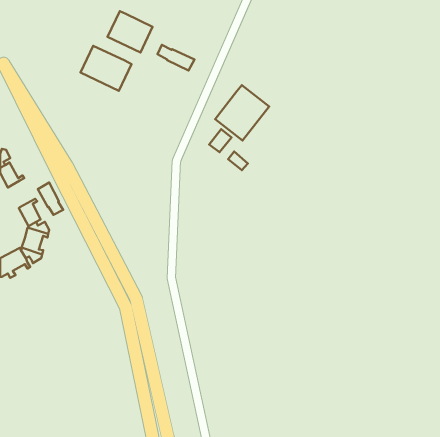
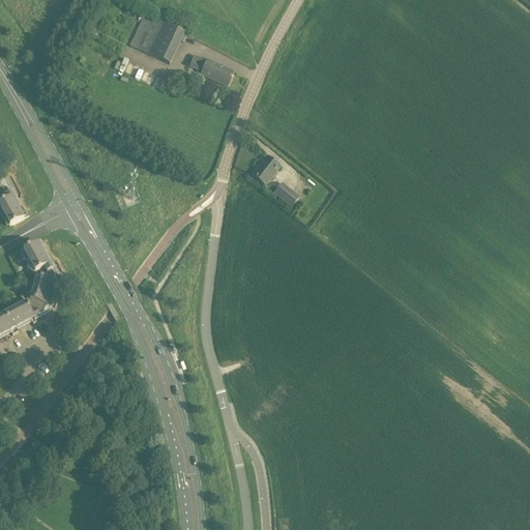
building: [80,46,132,91] -> none
building: [215,85,269,141] -> none
building: [38,182,63,215] -> none

